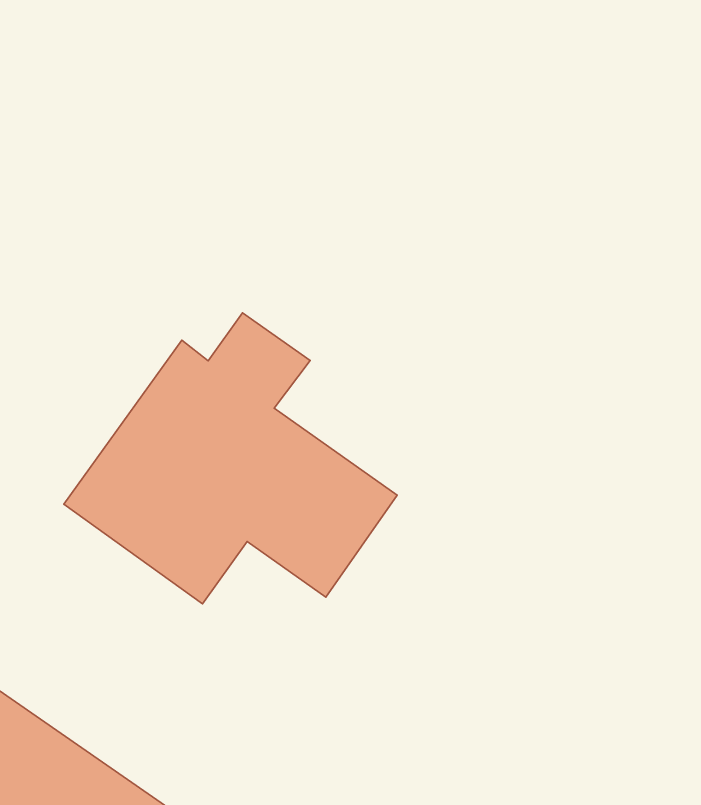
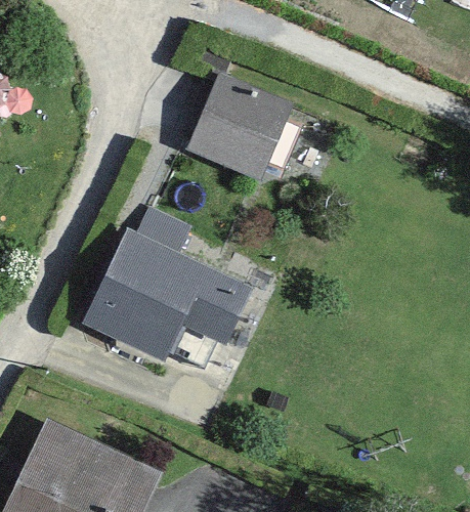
building: none -> [184,77,291,184]

